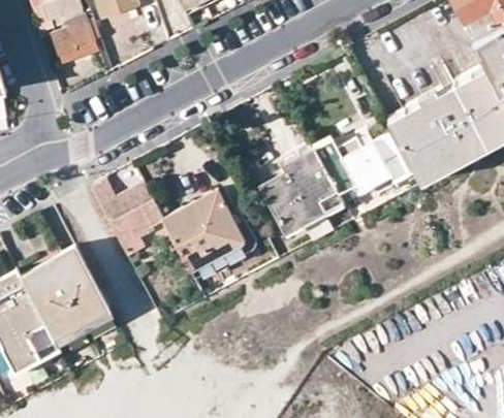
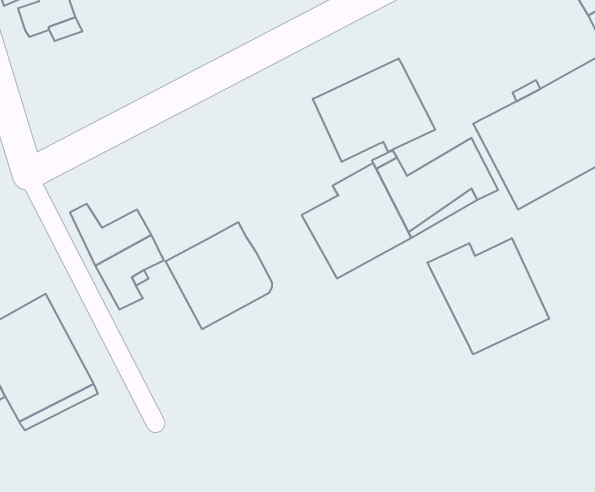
building: none -> [313,58,435,162]
building: none -> [427,238,549,354]

